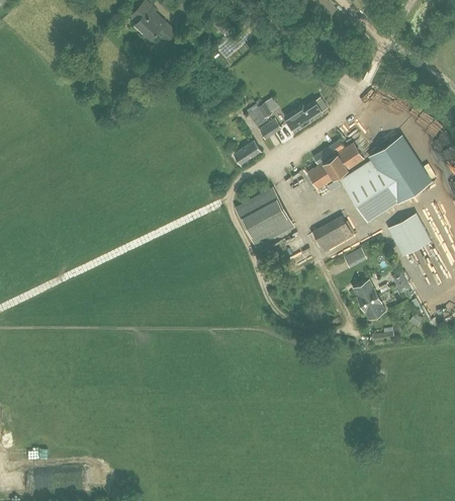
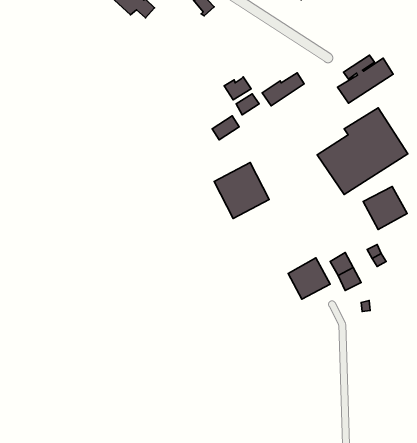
building: [306,141,363,189] -> [337,55,393,103]
building: [311,217,353,253] -> none
building: none -> [288,258,330,299]

